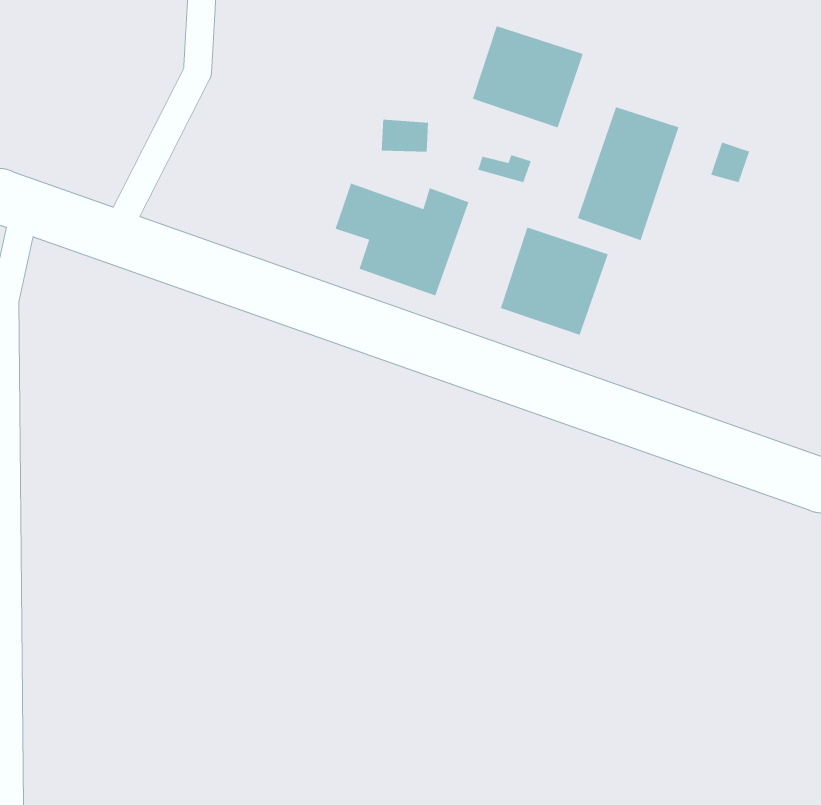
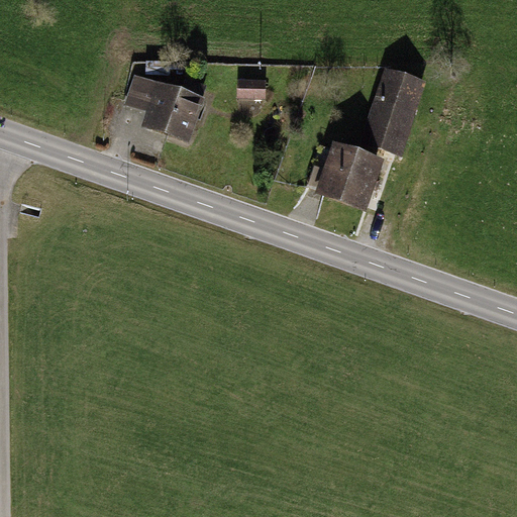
building: [472,25,584,129] -> none
building: [334,182,469,297] -> [124,72,209,143]

